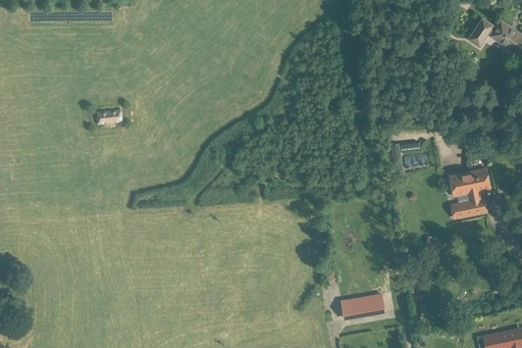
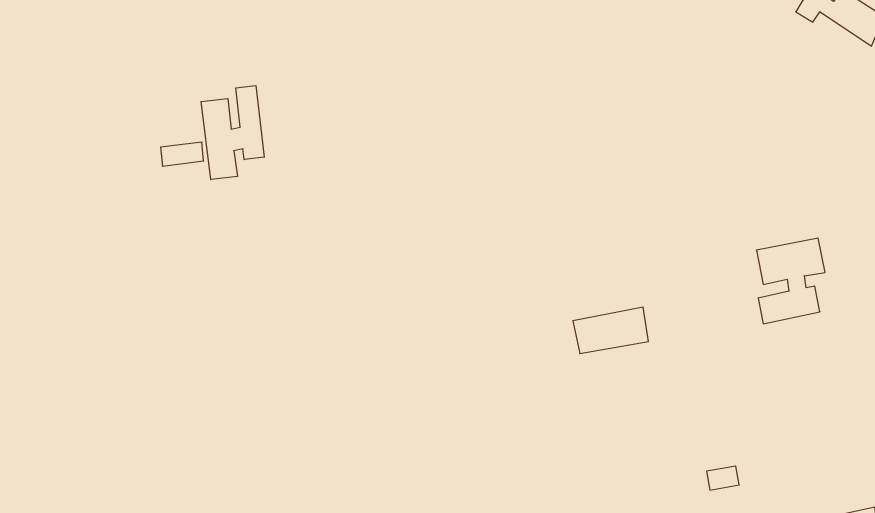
building: none -> [201,86,264,180]
building: [341,292,385,319] -> [573,307,648,354]

